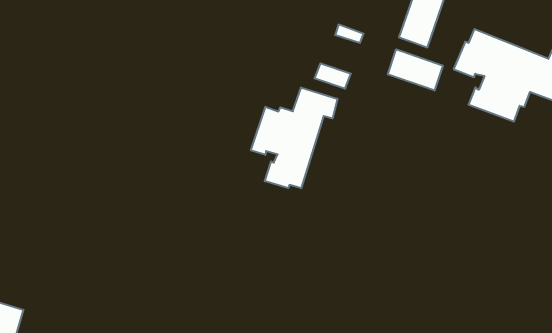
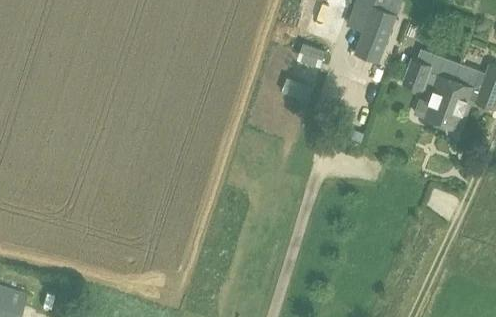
building: [388,49,443,91] -> none
building: [251,87,338,188] -> none

